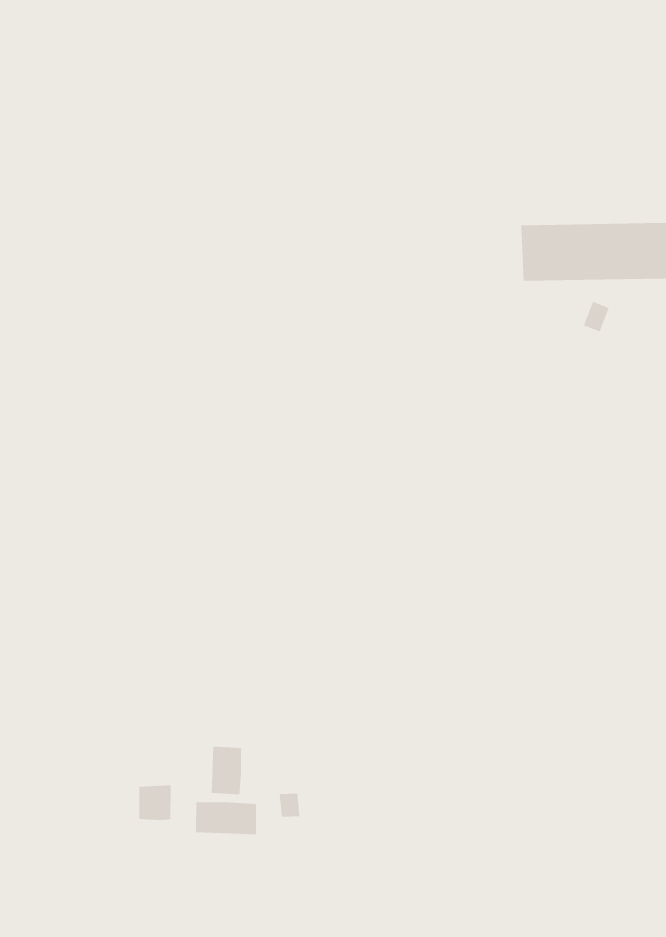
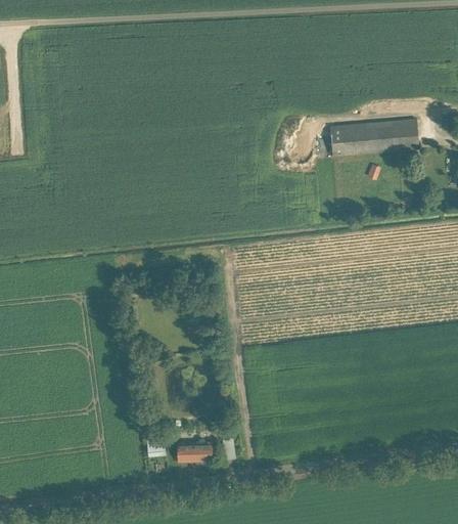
building: [211,746,242,795] -> none

